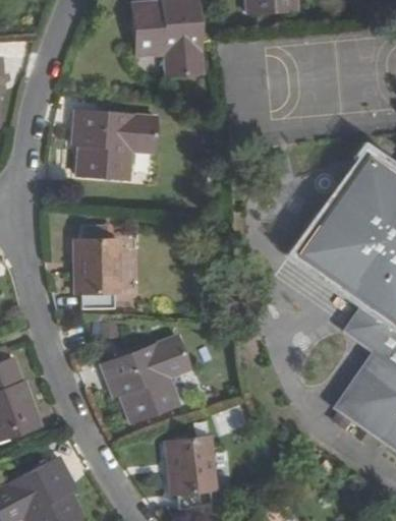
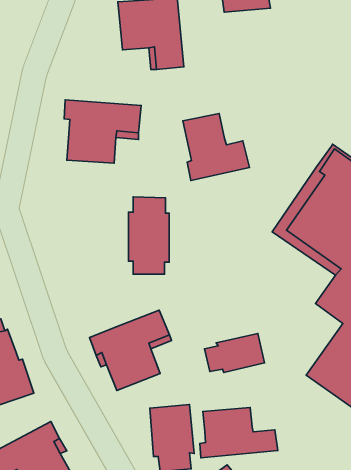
building: none -> [183,114,250,181]
building: [74,224,118,307] -> [129,197,169,274]
building: none -> [204,334,264,372]
building: none -> [200,407,278,458]

